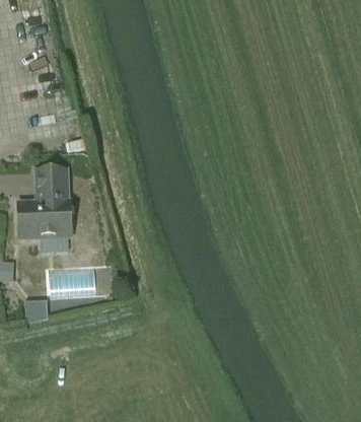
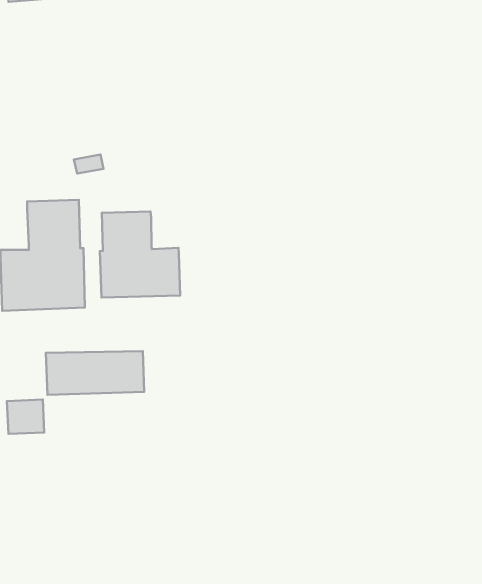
building: none -> [100,211,180,298]

